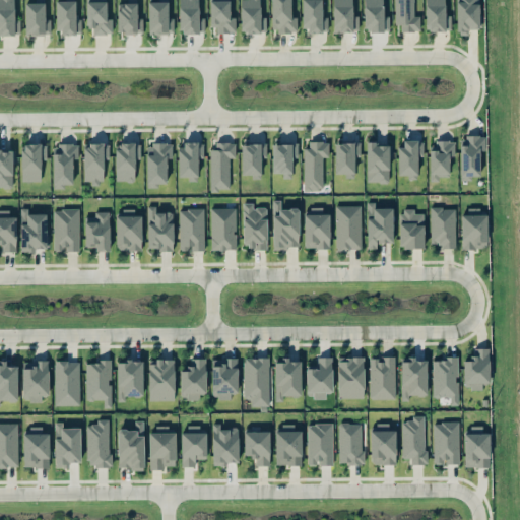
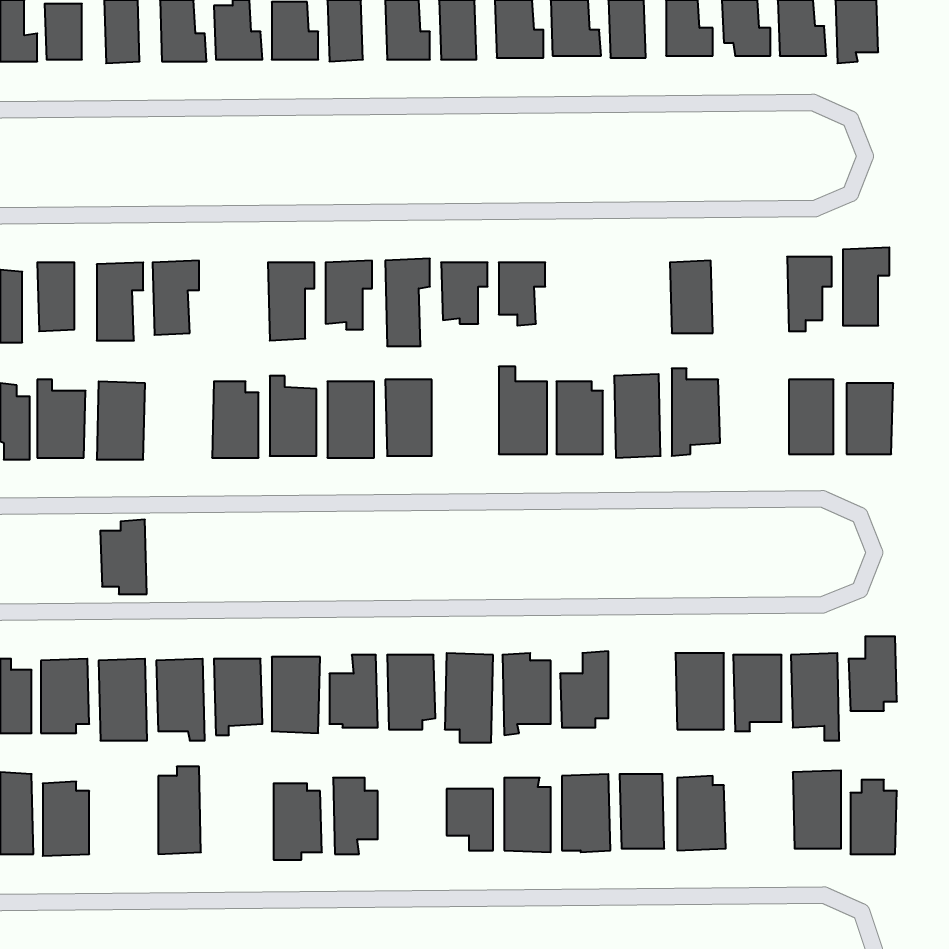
building: [399,141,424,180] -> none
building: [305,142,329,190] -> none
building: [335,142,362,176] -> none
building: [116,143,141,182] -> none
building: [243,203,268,249] -> none
building: [399,210,425,249] -> none
building: [85,211,111,252] -> [100,520,147,594]
building: [338,358,365,398] -> none
building: [402,416,427,464] -> none
building: [118,420,145,469] -> none
building: [55,422,81,468] -> none
building: [213,424,239,464] -> none

